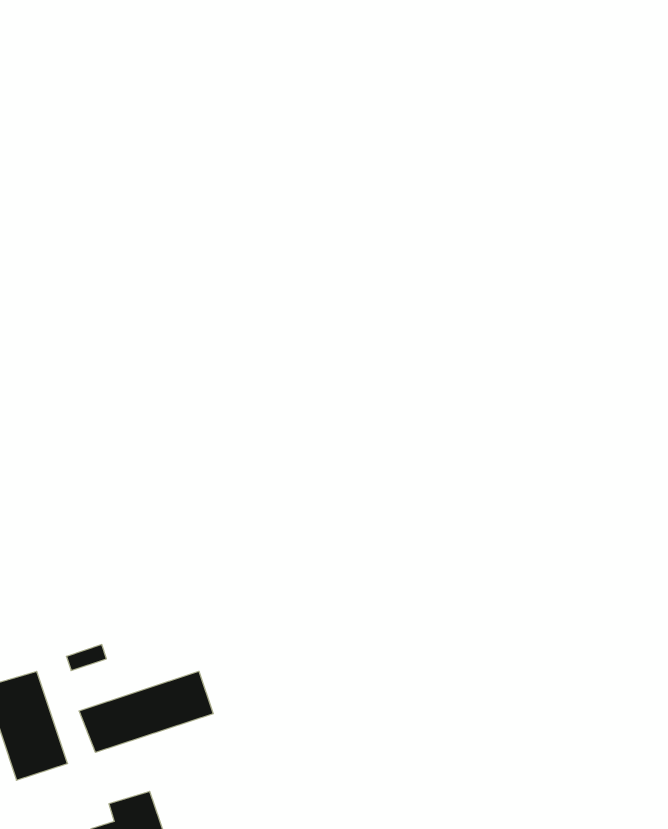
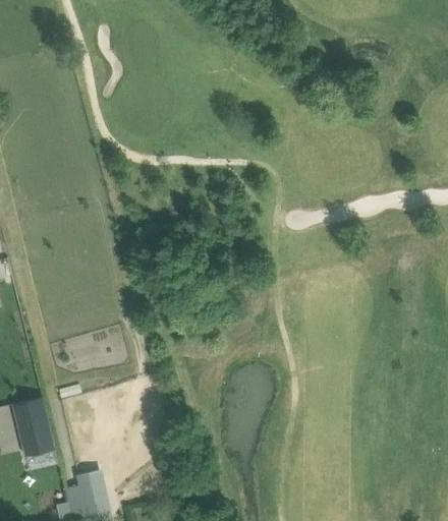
building: [79,671,213,752] -> none

